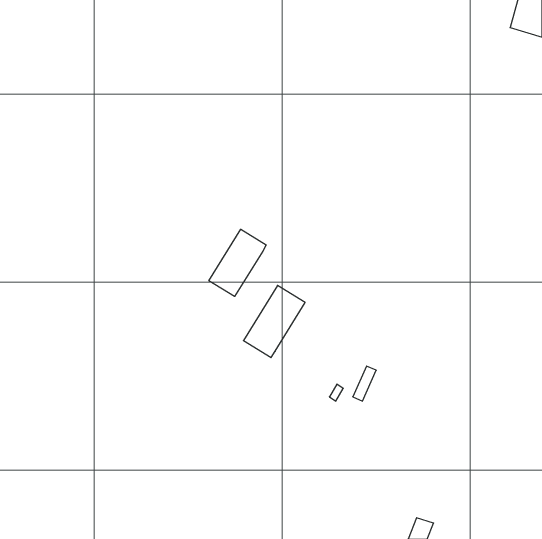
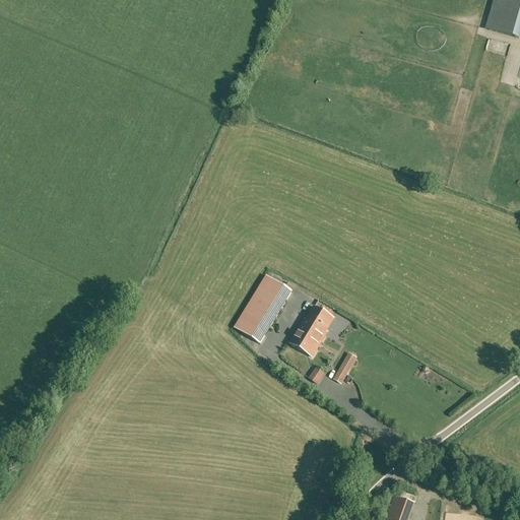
building: [209,229,266,296] -> none
building: none -> [289,305,333,355]

